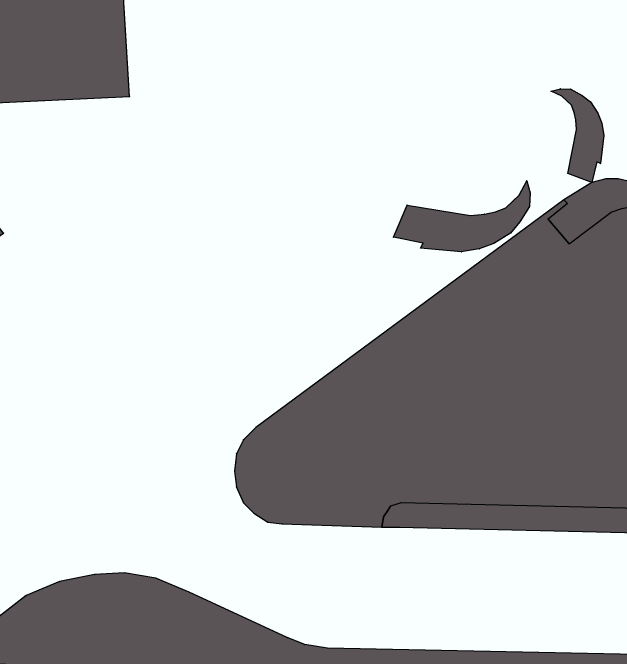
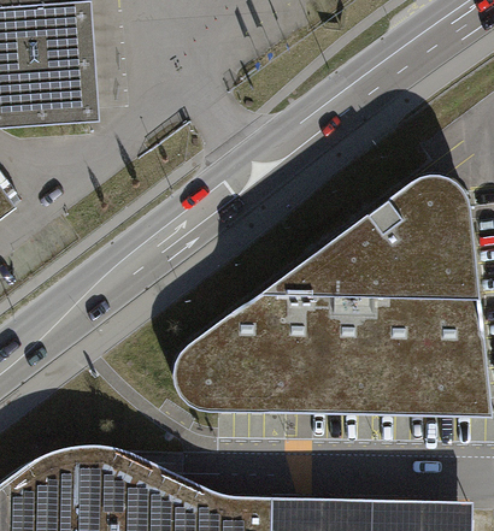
building: [551,89,604,182] -> none
building: [393,181,530,252] -> none

